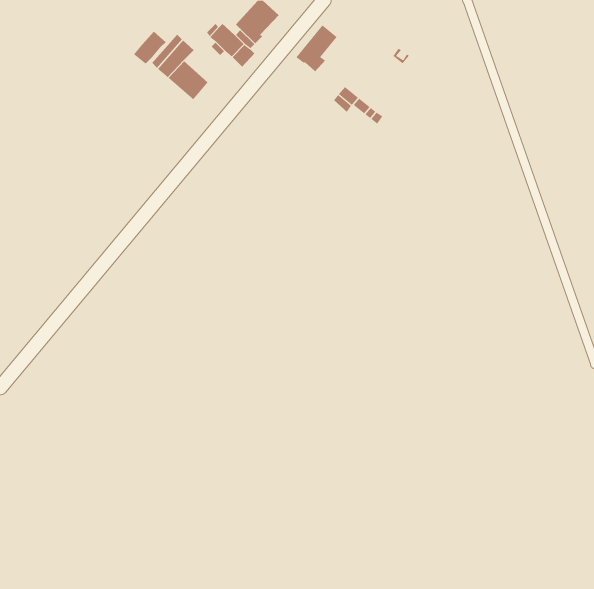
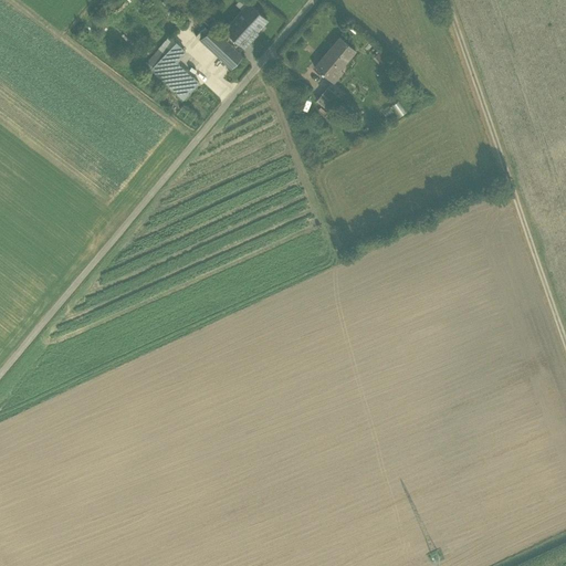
building: [295,24,337,72] -> [315,38,355,83]
building: [133,31,166,65] -> none

